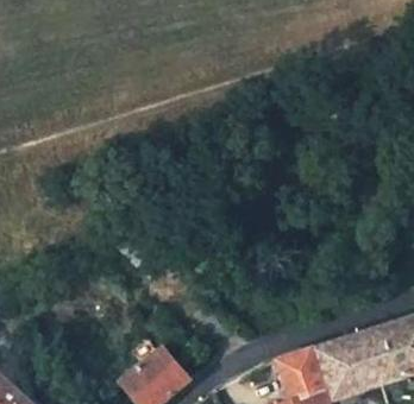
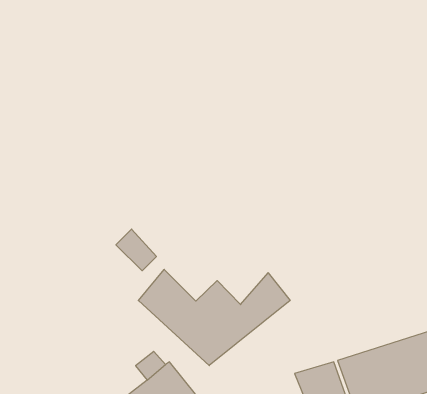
building: none -> [138,269,290,366]

